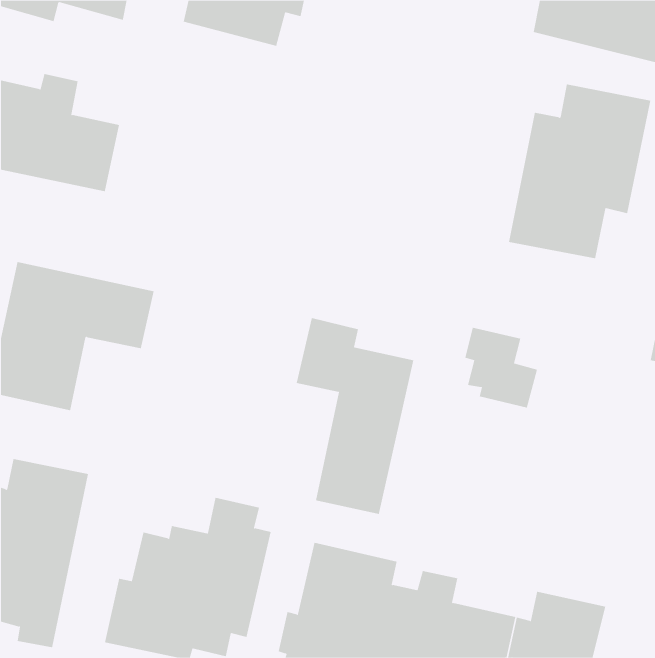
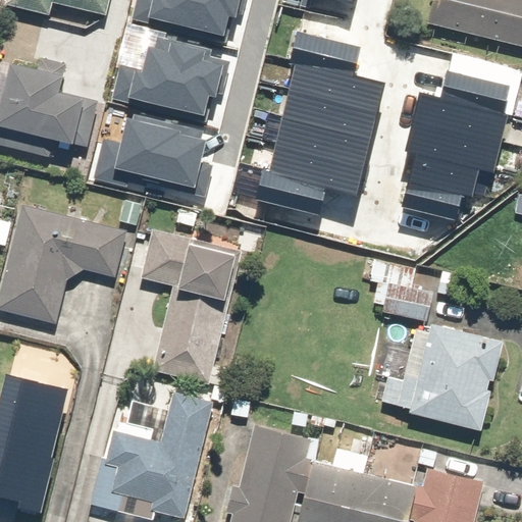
building: none -> [261,27,393,200]
building: none -> [137,31,230,110]
building: none -> [118,105,218,185]
building: [296,318,414,515] -> [138,228,231,384]
building: none -> [377,325,499,432]

